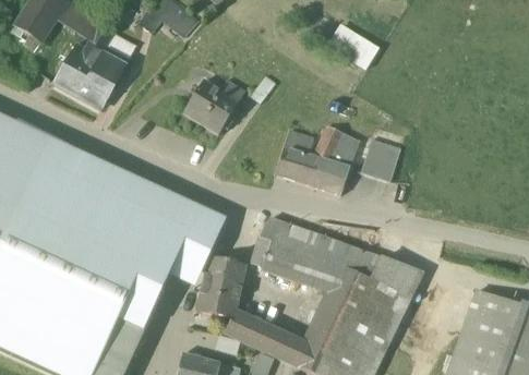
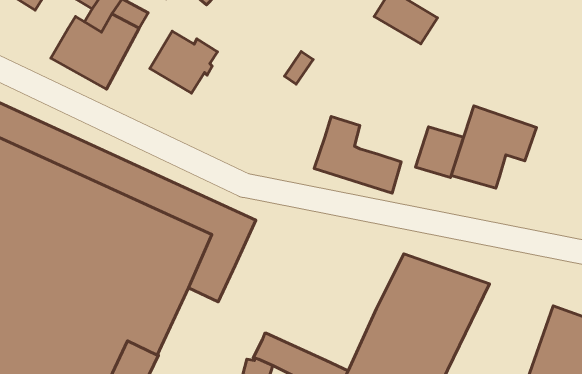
building: [183,81,240,133] -> [150,31,217,93]
building: none -> [451,106,537,188]
building: [313,125,357,161] -> none
building: [254,217,350,291] -> none
building: [196,255,245,317] -> none

